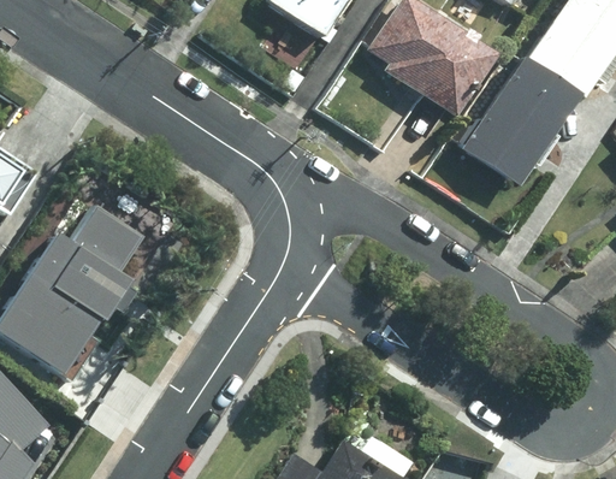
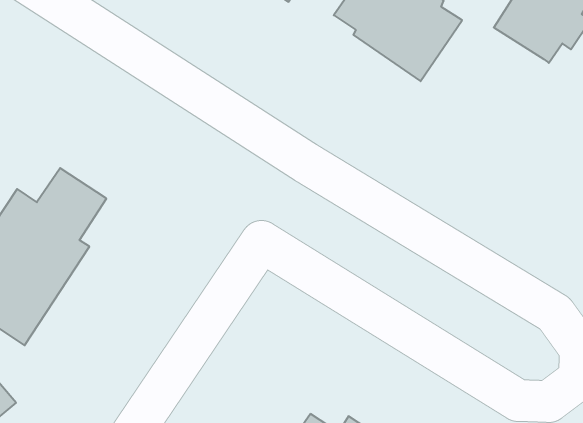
building: [461,59,575,185] -> none

